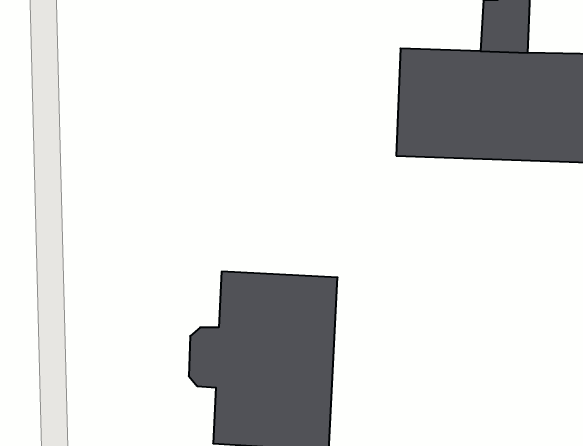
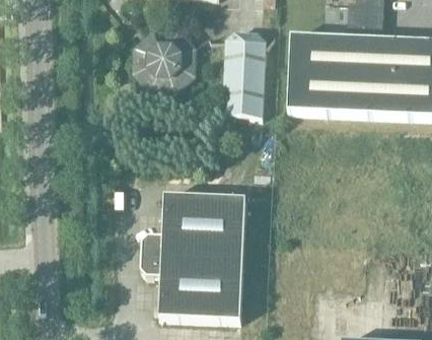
building: none -> [135,33,193,90]
building: none -> [224,33,267,119]

